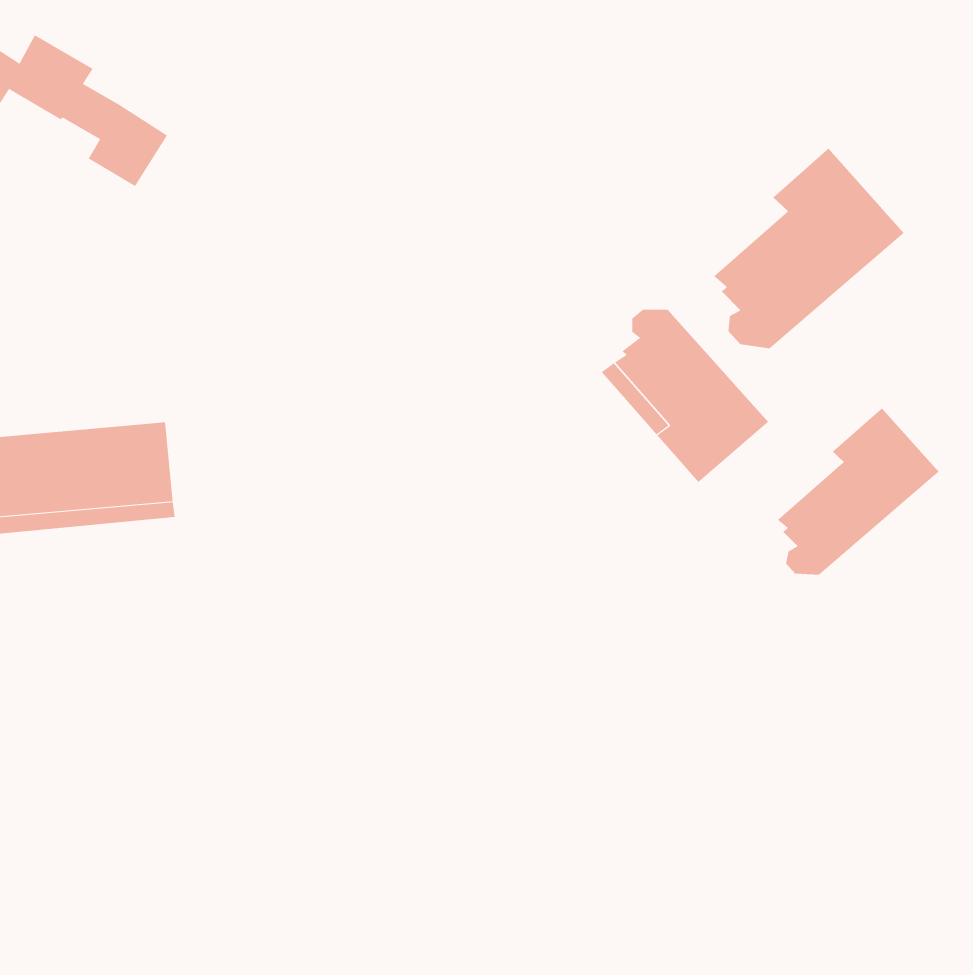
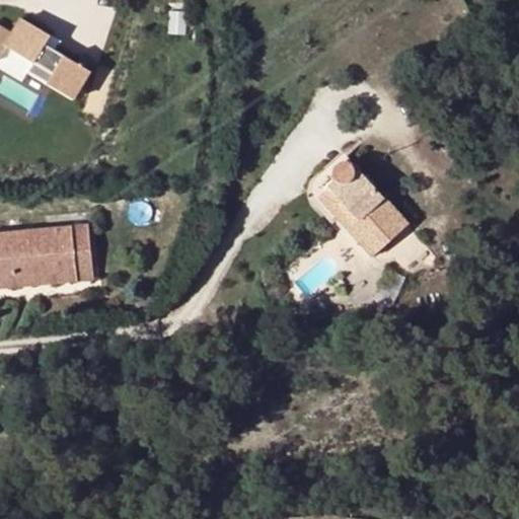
building: [713,148,905,349] -> none
building: [777,407,940,576] -> none

